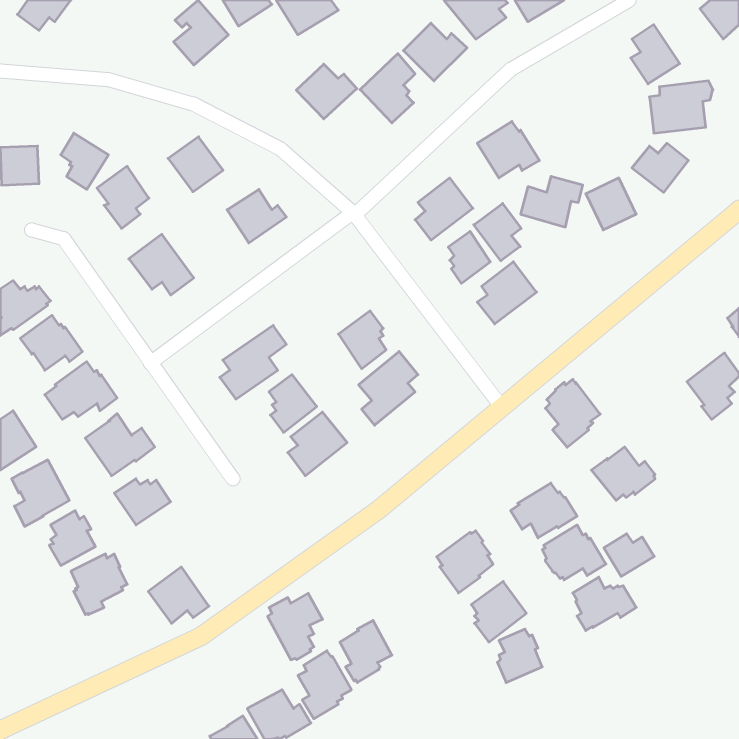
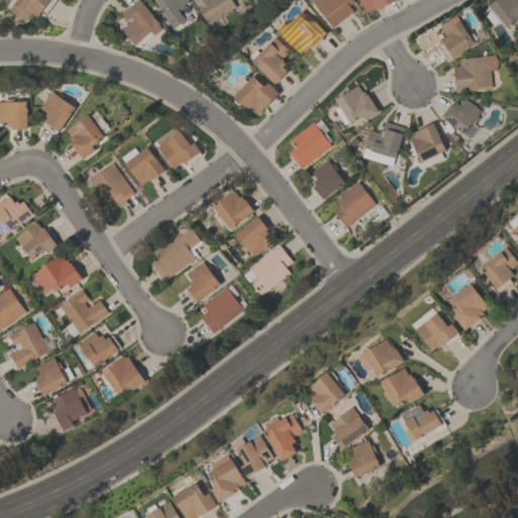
building: [296,64,357,119] -> [236,77,278,115]
building: [168,137,223,192] -> [126,148,165,186]
building: [474,203,521,261] -> none
building: none -> [212,190,254,230]
building: [545,379,600,447] -> [450,282,489,330]
building: [604,534,654,576] -> none
building: [148,567,209,623] -> [103,355,146,395]
building: [268,593,323,660] -> [264,414,303,460]

